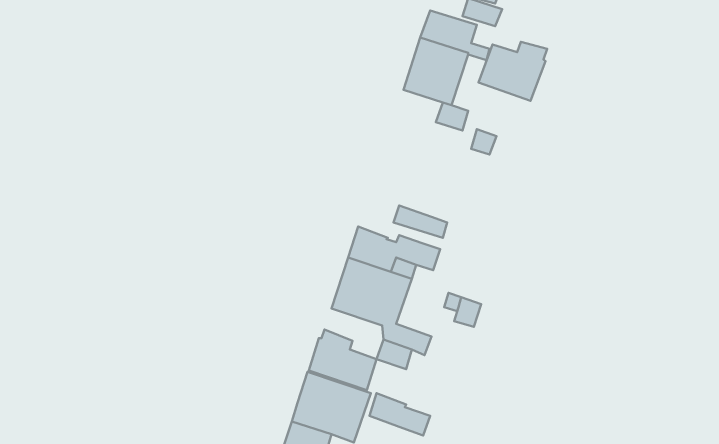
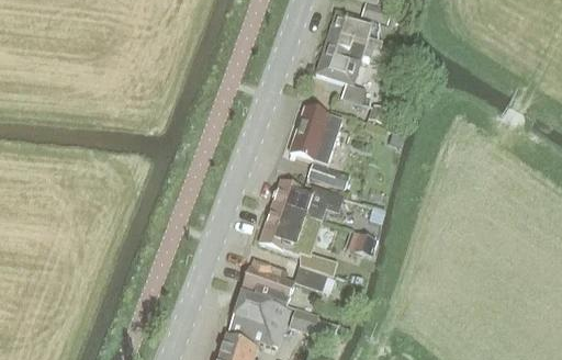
building: [478,42,547,101] -> none
building: none -> [289,106,341,165]

